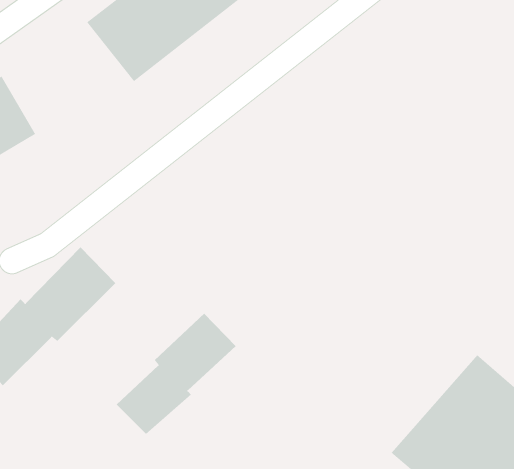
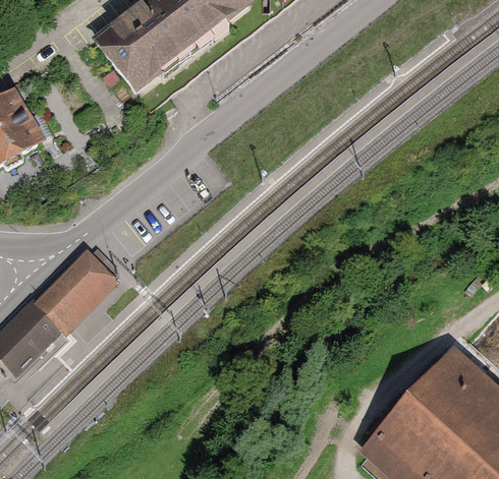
building: [116,313,237,435] -> none

